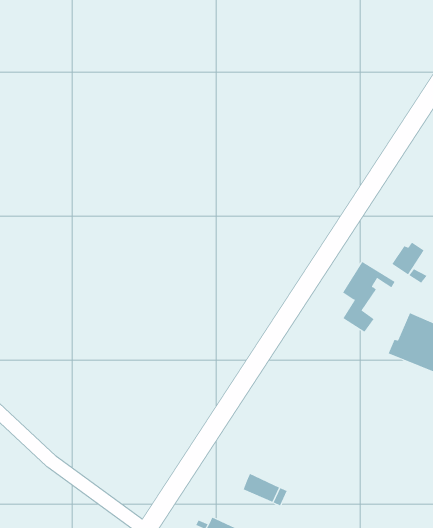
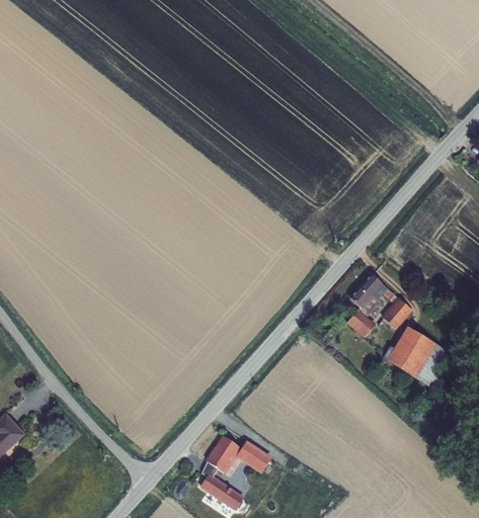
building: [392,242,425,275] -> [381,299,411,328]
building: none -> [207,436,240,472]

